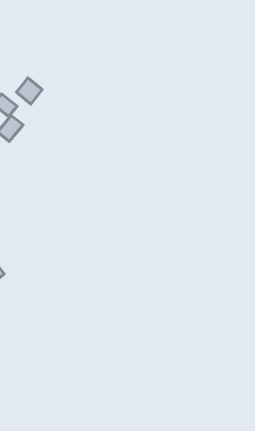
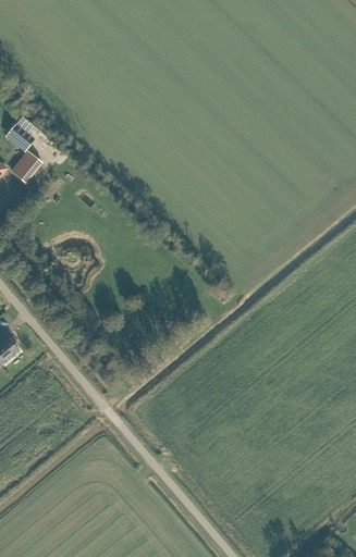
building: [16,78,42,104] -> none

